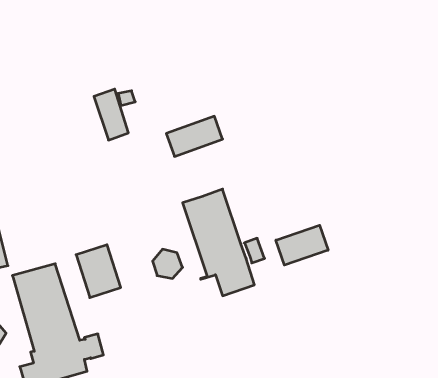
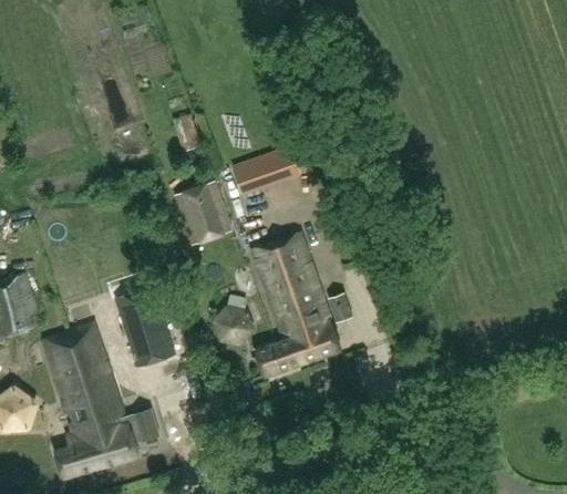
building: [94,89,128,140] -> [183,183,225,245]
building: [276,225,328,265] -> none
building: none -> [256,338,301,375]

